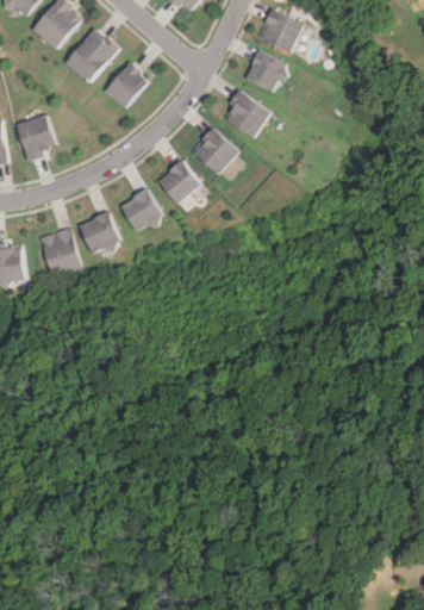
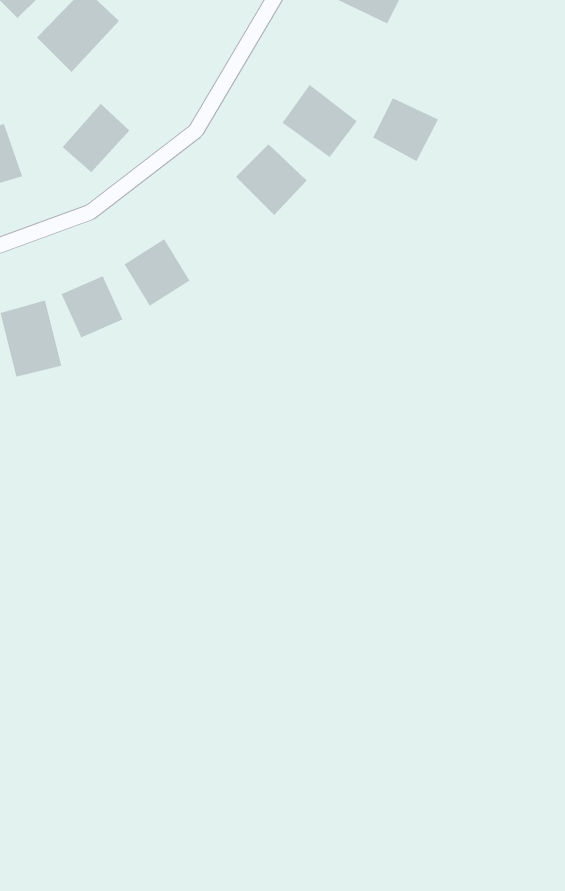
building: [243,50,286,92] -> [372,97,439,162]
building: [102,61,146,106] -> [61,103,130,173]
building: [156,160,200,204] -> none

